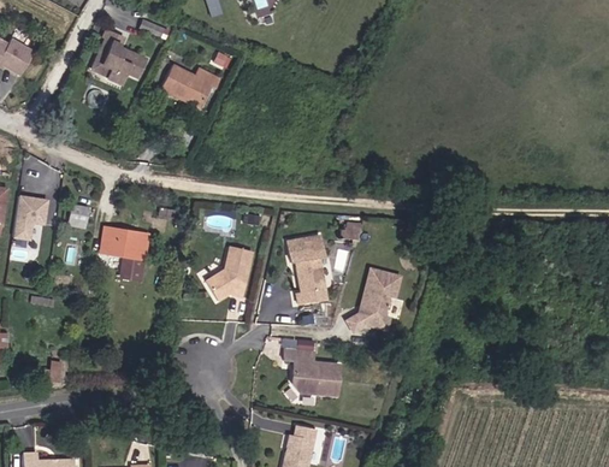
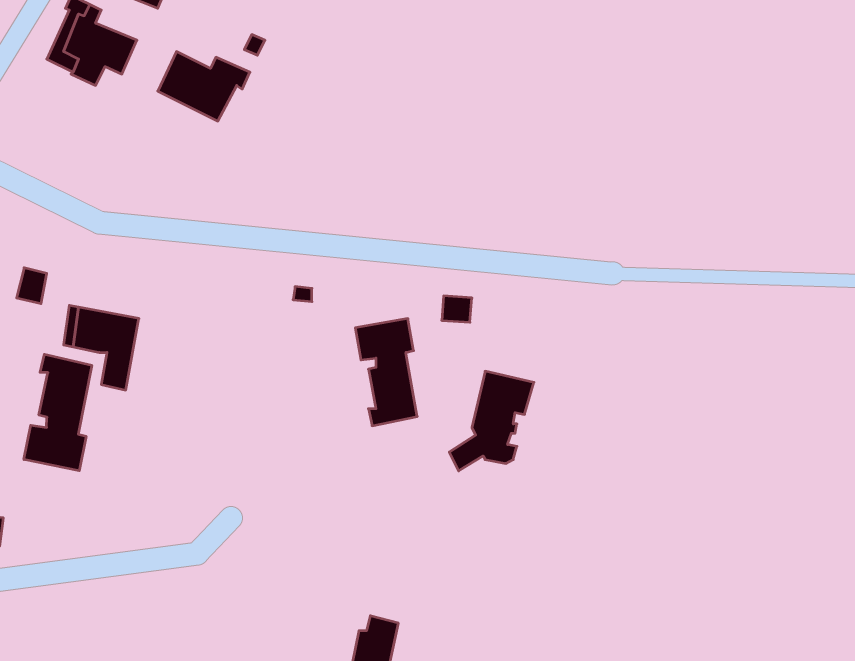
building: [206,246,253,301] -> none
building: none -> [24,354,92,471]
building: [284,349,339,395] -> none

